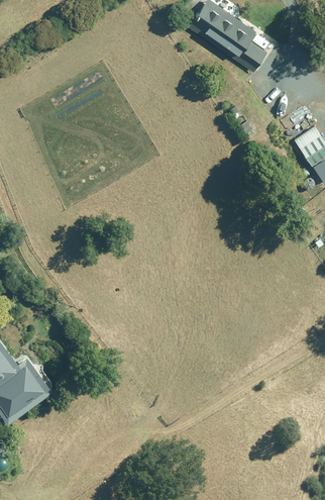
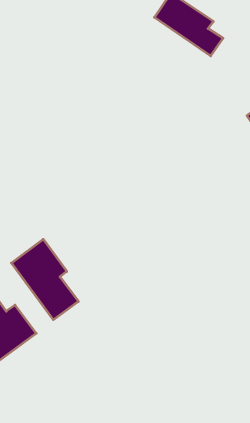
building: none -> [11,239,78,320]

